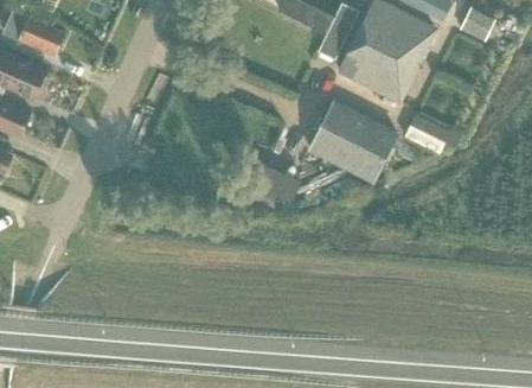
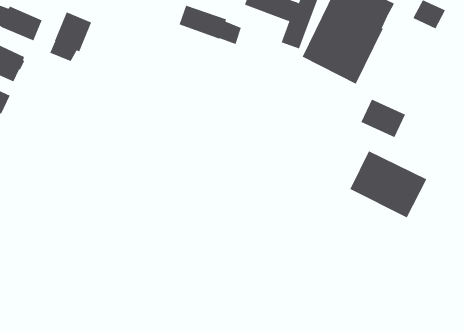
building: none -> [179,5,241,45]
building: none -> [49,12,92,62]
building: [310,107,393,179] -> [350,151,427,218]

